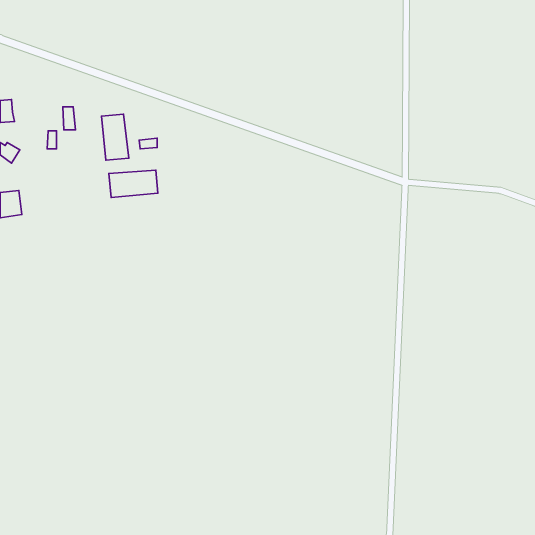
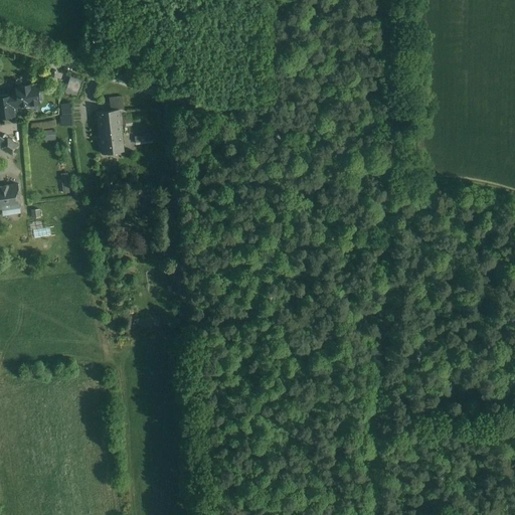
building: none -> [10,83,38,108]
building: [109,170,158,198] -> none

